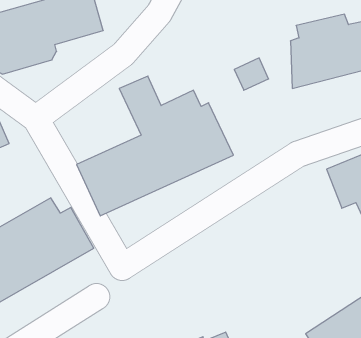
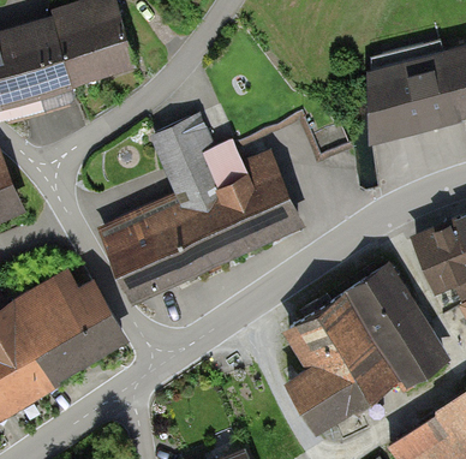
building: none -> [288,269,444,428]

